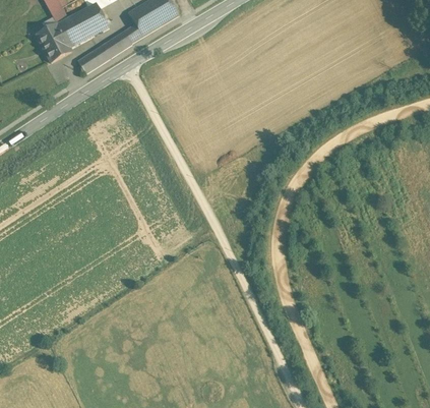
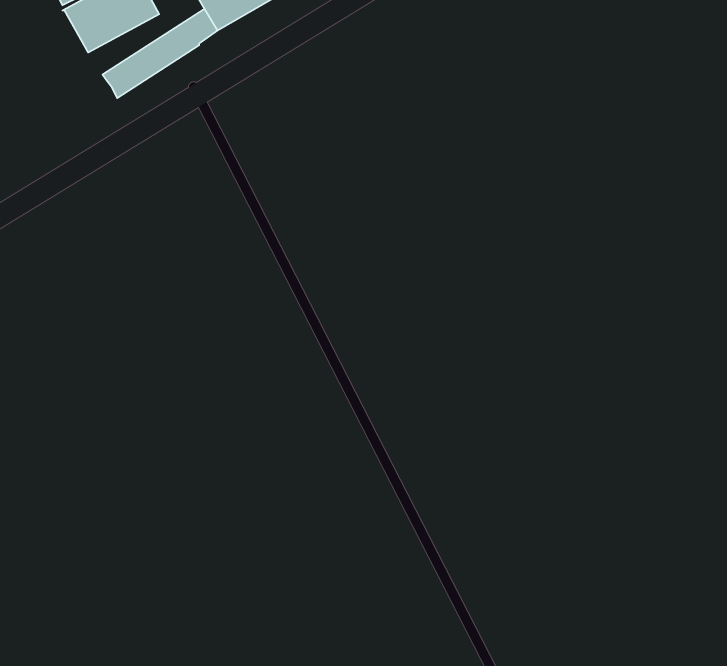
building: [37,23,70,60] -> none

